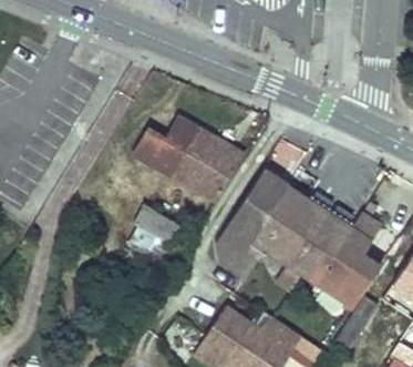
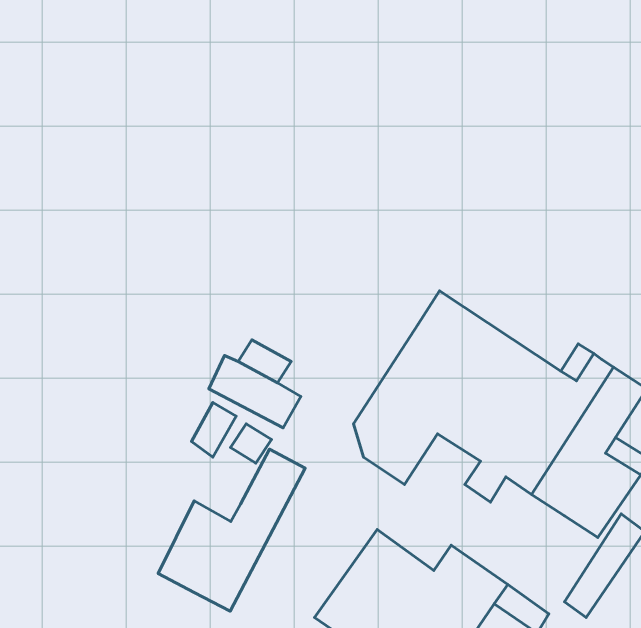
building: [133,108,245,202] -> none
building: none -> [158,449,305,611]

